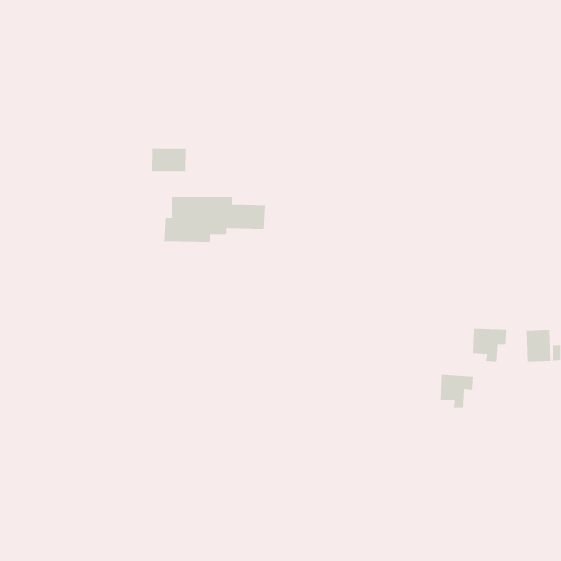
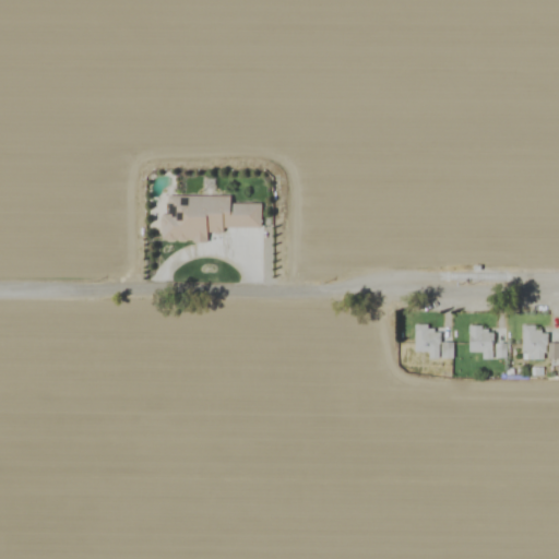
building: [152,148,186,172] -> none
building: [440,374,474,408] -> [416,325,450,359]

